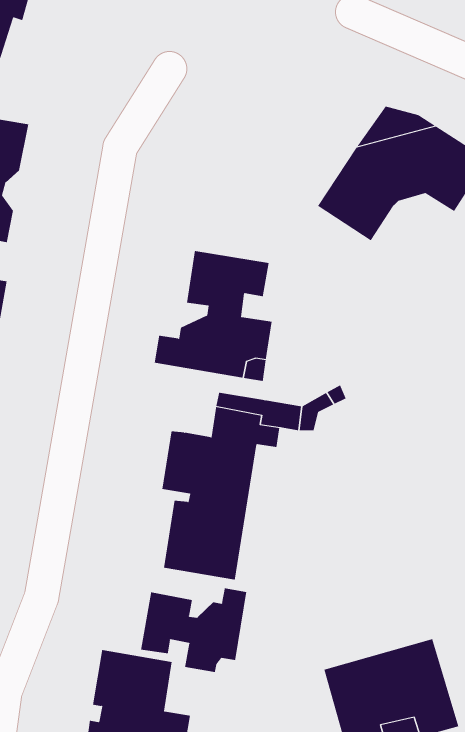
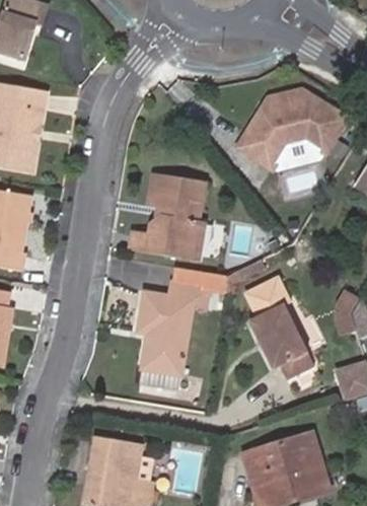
building: none -> [248,288,313,379]
building: [141,588,247,673] -> none

